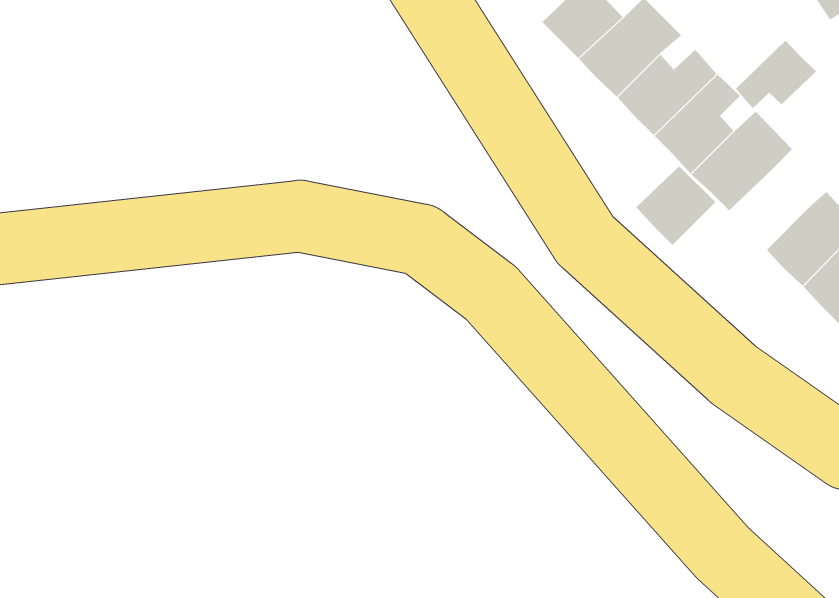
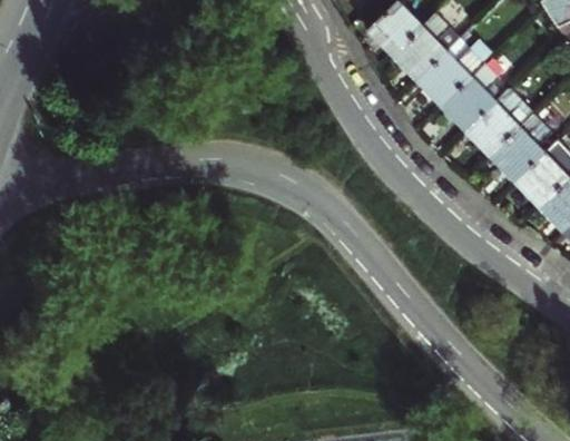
building: [735,40,817,109] -> none
building: [636,165,716,246] -> [491,130,544,184]

